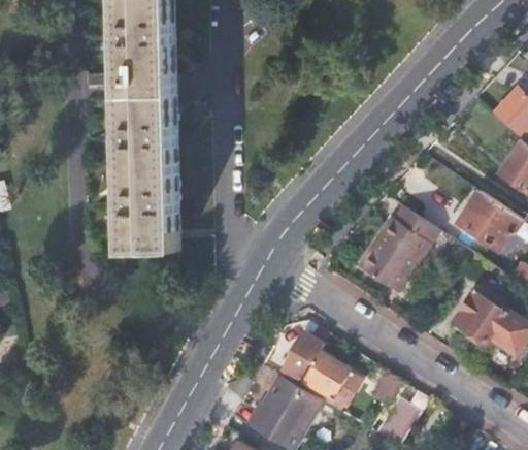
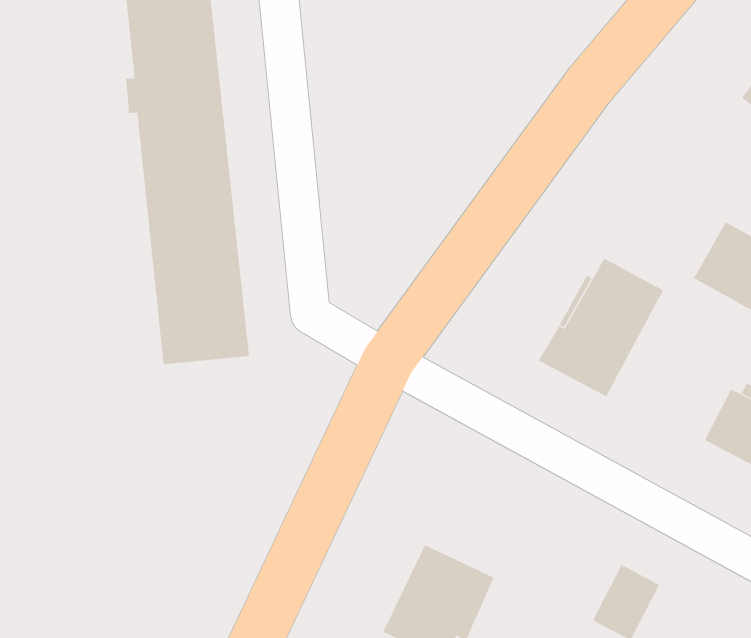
building: [279,332,344,403] -> none

